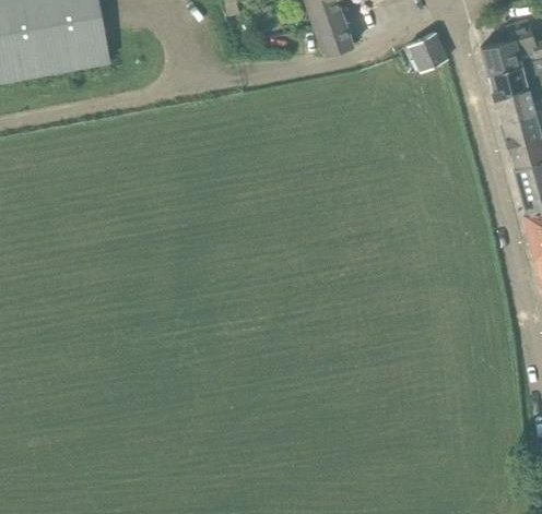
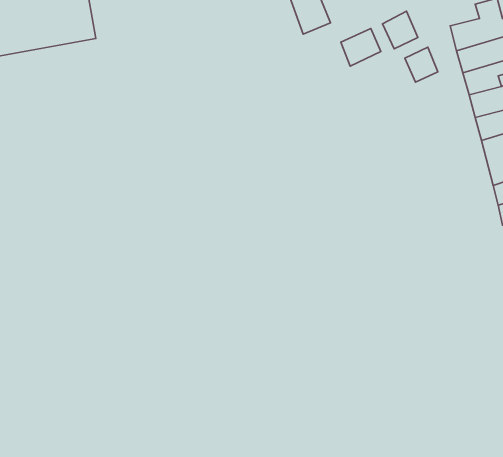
building: none -> [341,29,381,66]
building: none -> [405,47,438,82]

